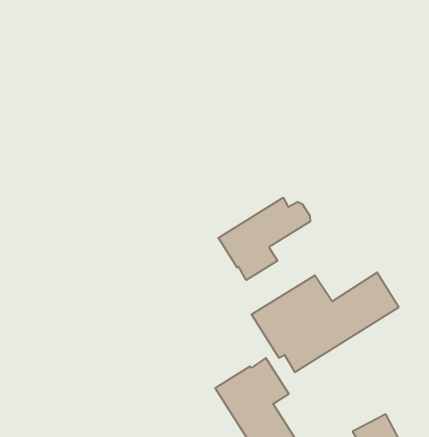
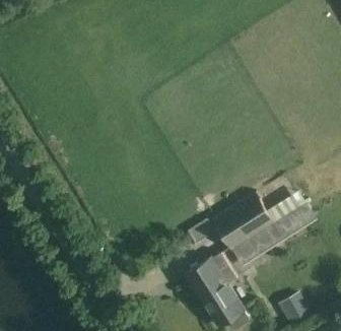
building: [218,198,310,280] -> none

